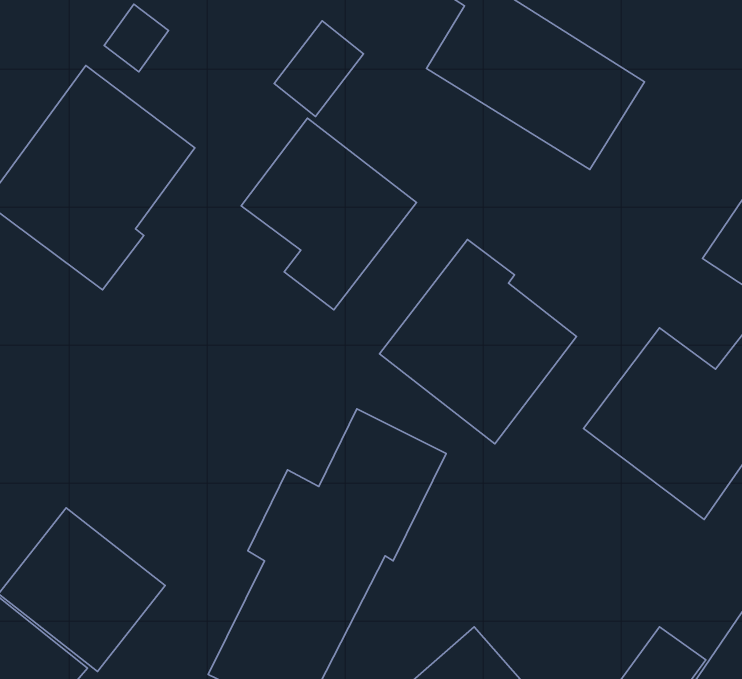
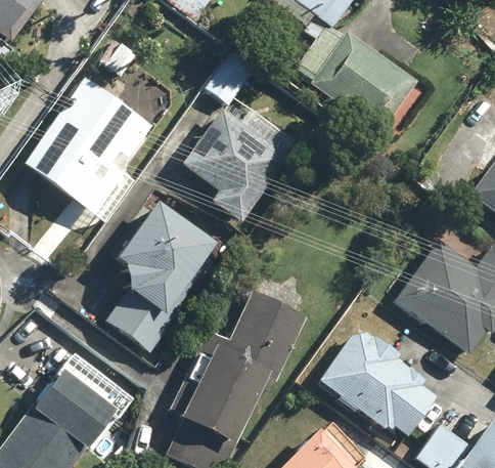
building: [380,239,576,444] -> none
building: none -> [102,199,219,352]
building: none -> [320,325,439,435]

